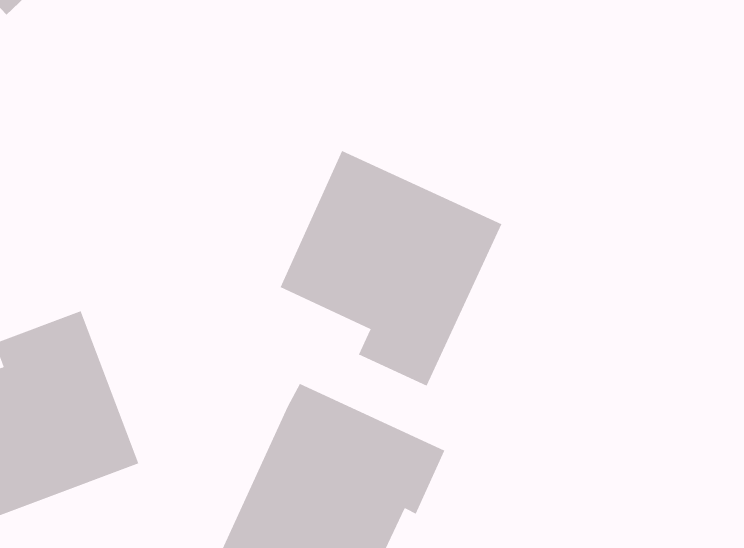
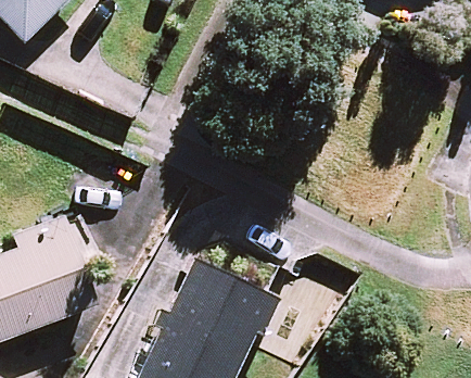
building: [280,150,502,386] -> none

